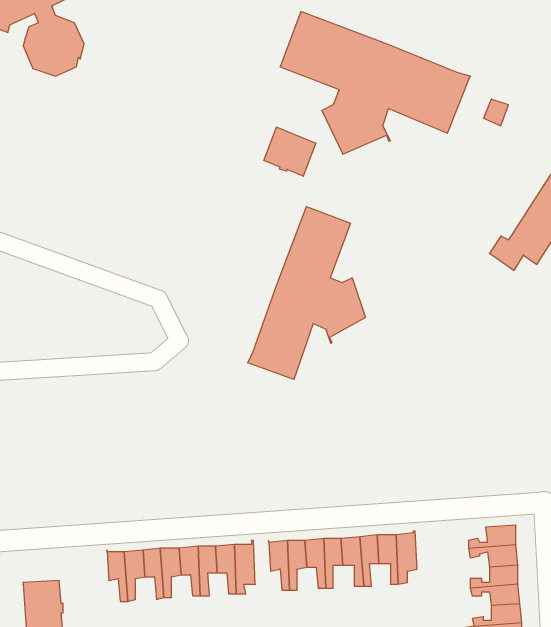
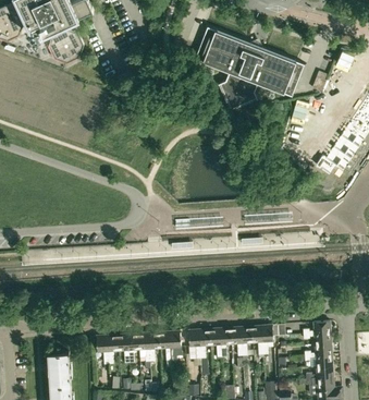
building: [264,127,316,176] -> none
building: [248,207,366,379] -> none

